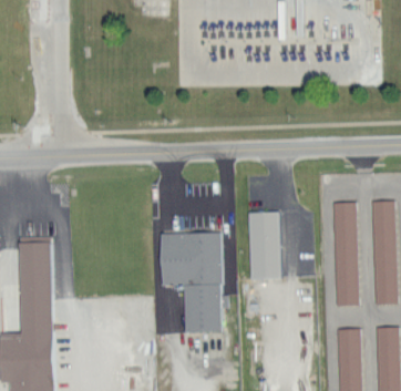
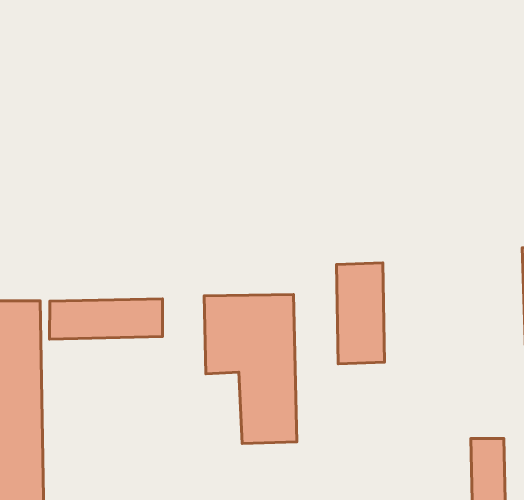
building: [333,202,359,306] -> none
building: none -> [50,299,163,339]

